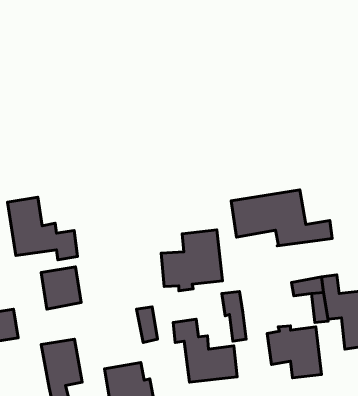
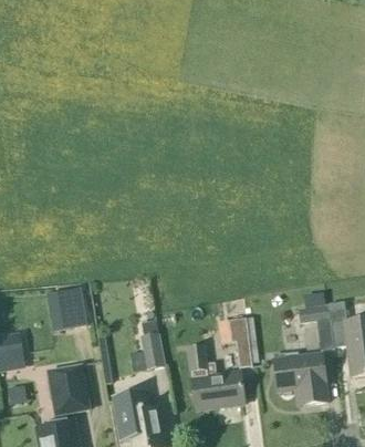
building: [231,190,332,246] -> none
building: [7,197,78,260] -> none
building: [161,230,223,291] -> none

